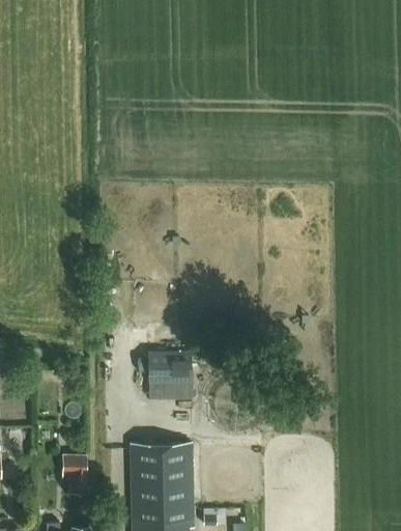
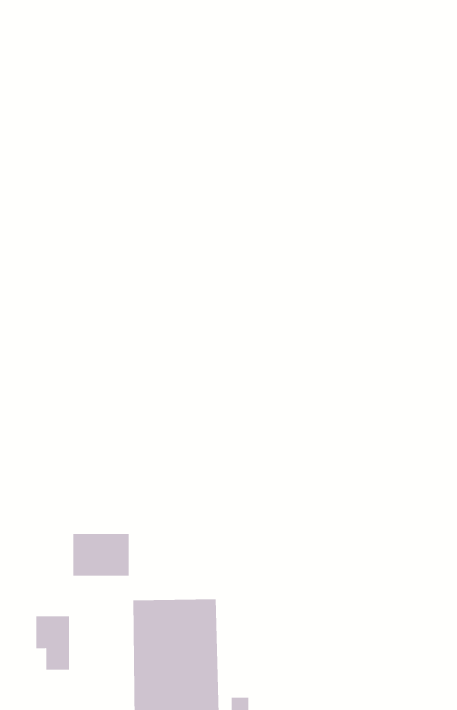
building: [150,355,192,386] -> [73,534,130,576]

